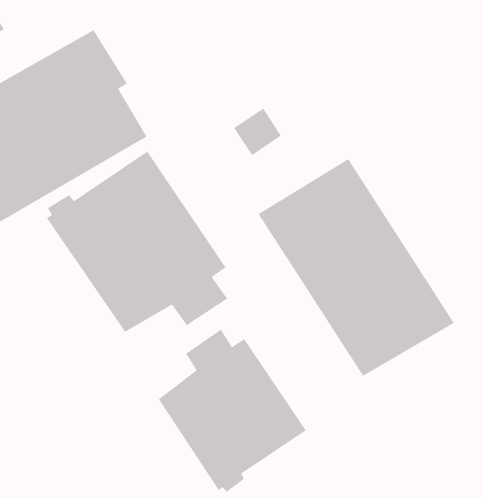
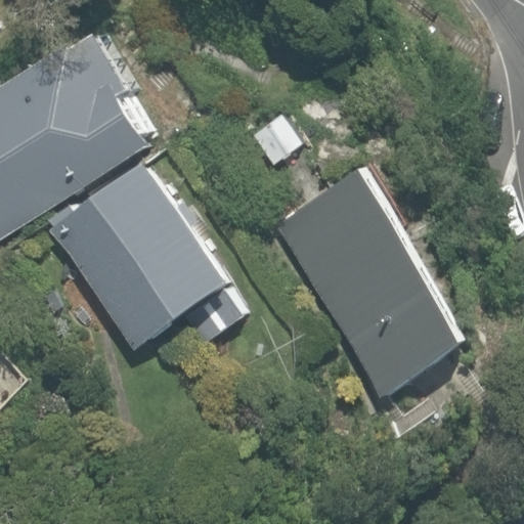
building: [158,328,307,493] -> none

